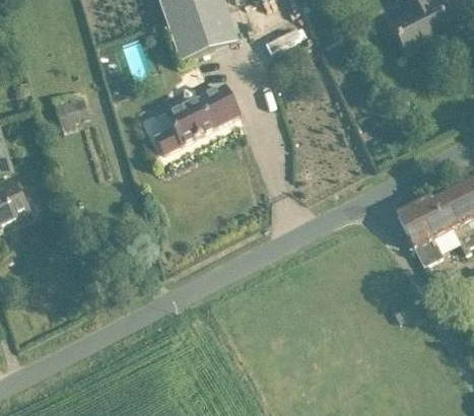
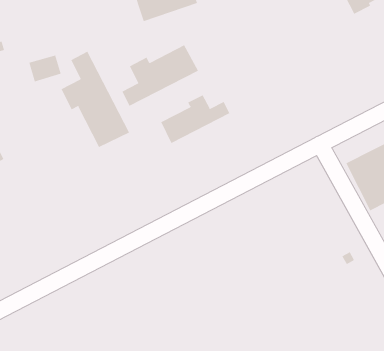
building: none -> [61,51,130,148]
building: none -> [160,94,230,144]

